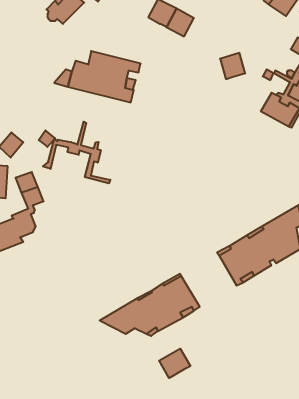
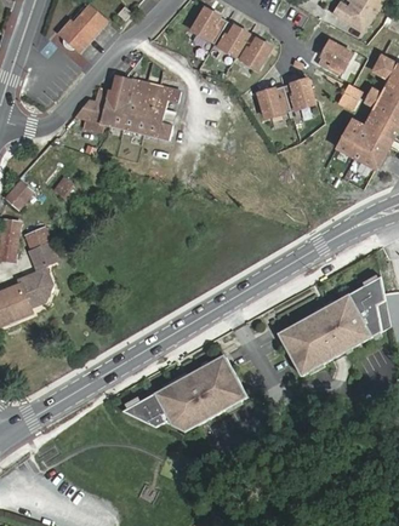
building: none -> [235,34,270,69]
building: none -> [314,38,349,74]
building: none -> [255,85,287,118]
building: [43,122,110,183] -> none
building: [159,349,190,378] -> none

